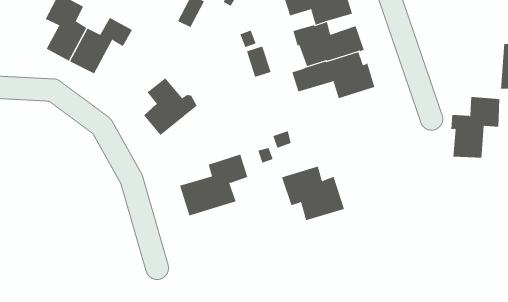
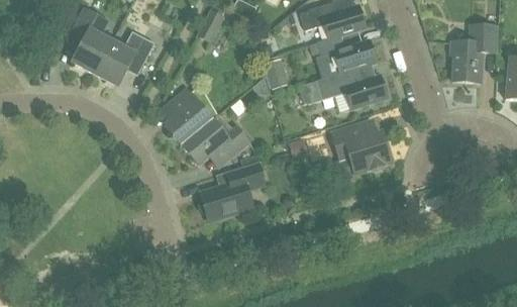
building: [450,97,500,158] -> [450,23,498,82]
building: none -> [182,113,250,165]
building: [281,166,345,221] -> [331,121,392,174]

